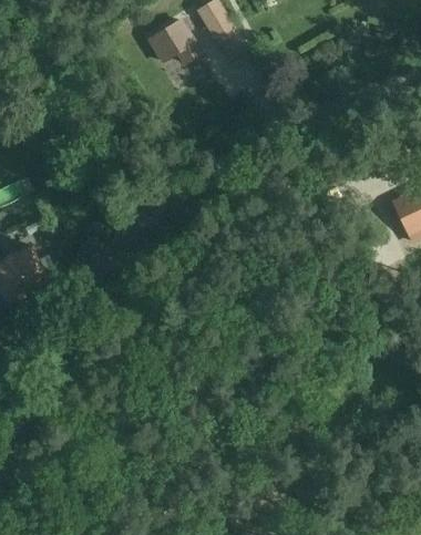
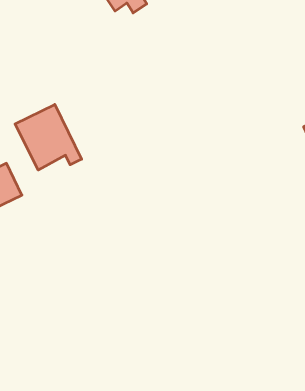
building: none -> [15,104,82,170]

